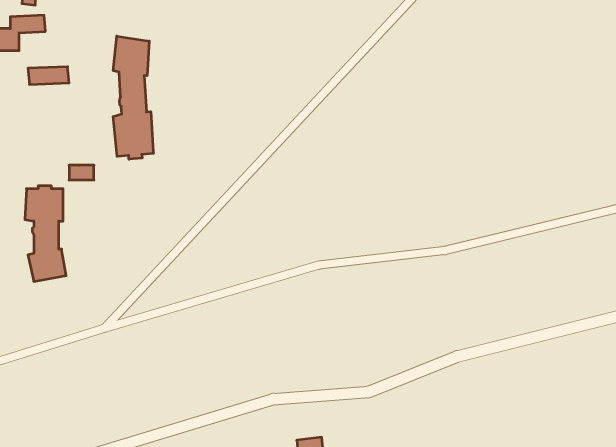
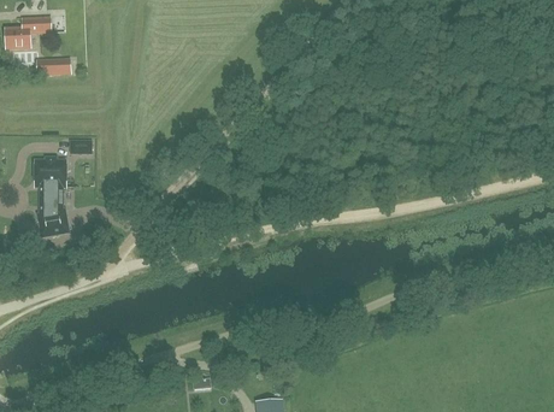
building: [113,36,153,159] -> none

